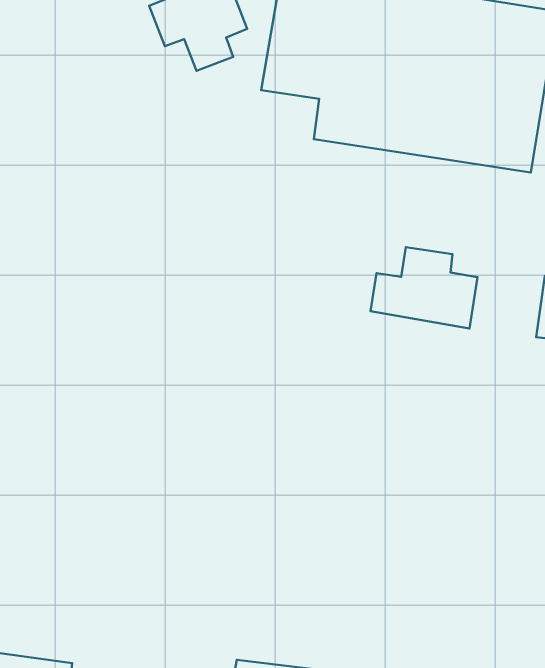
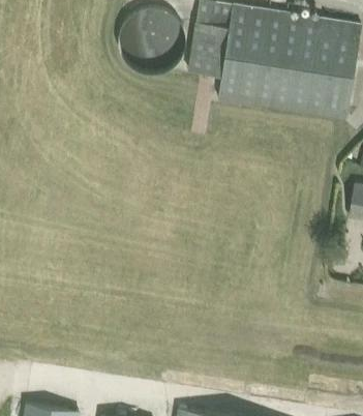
building: [371,247,477,328] -> none

